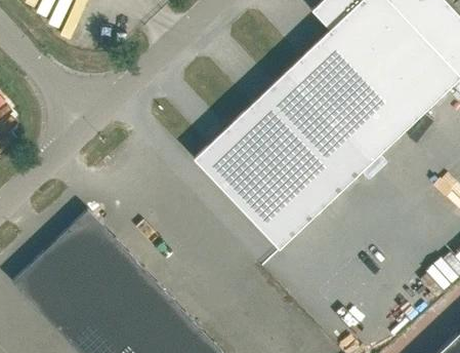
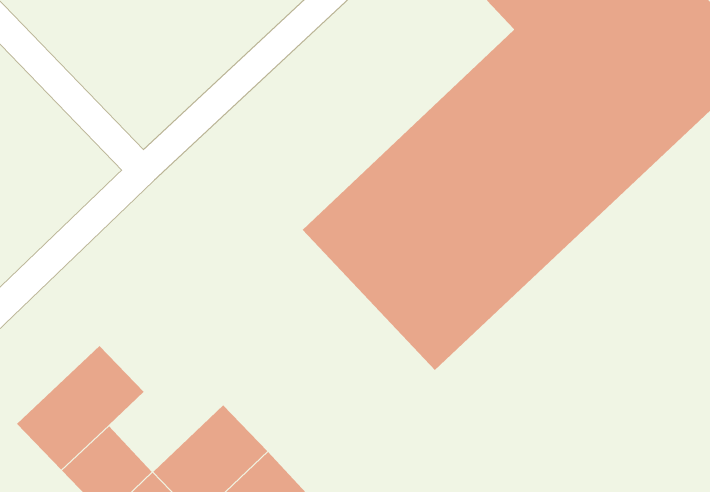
building: [65,211,143,314] -> none

